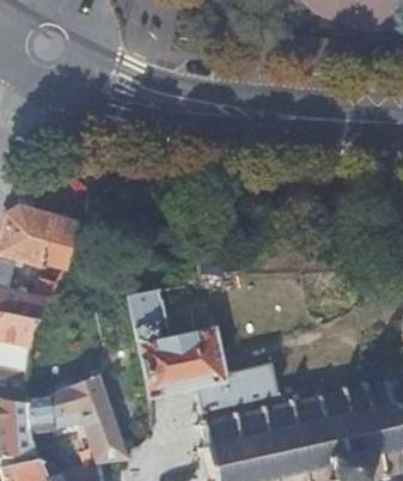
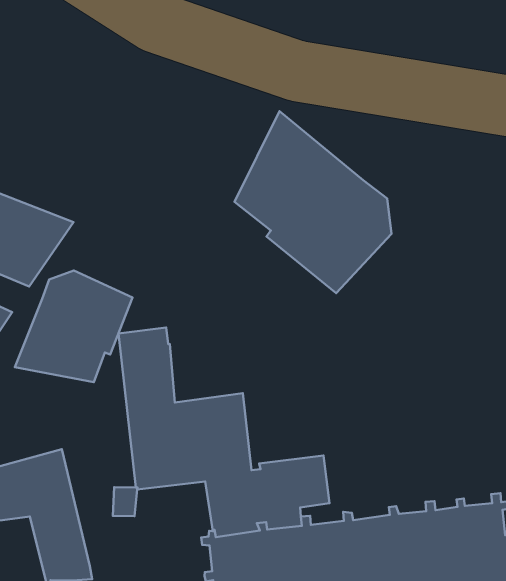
building: none -> [234,111,392,293]
building: none -> [15,270,133,382]

